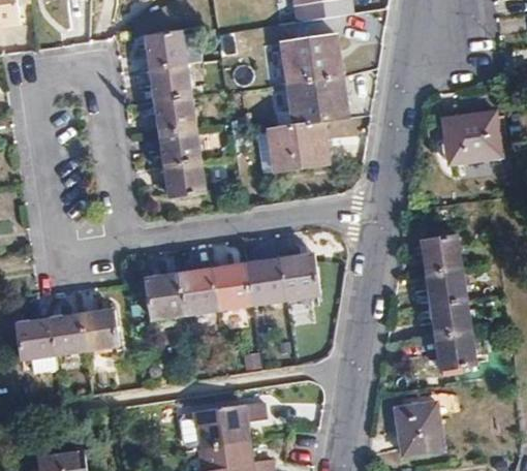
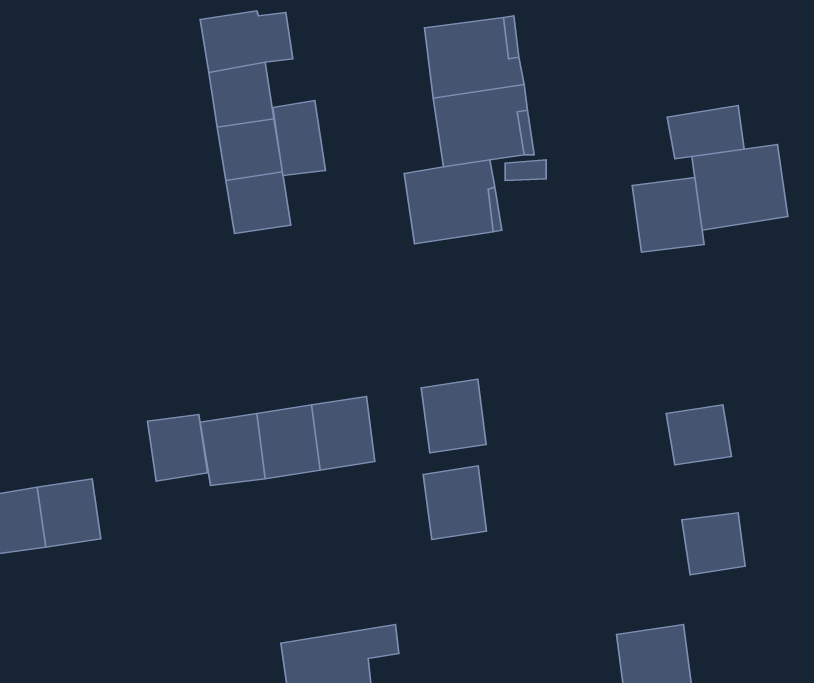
building: none -> [273,100,325,176]
building: none -> [667,105,744,159]
building: none -> [632,178,704,252]
building: [165,160,204,196] -> none
building: [421,234,460,274] -> none
building: [245,258,283,303] -> [423,466,487,540]
building: [431,300,469,338] -> none
building: [80,309,116,349] -> [148,414,208,481]

